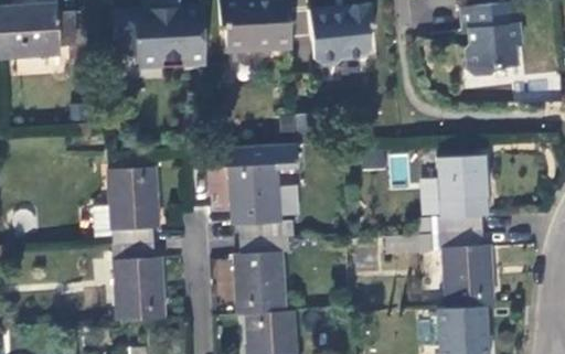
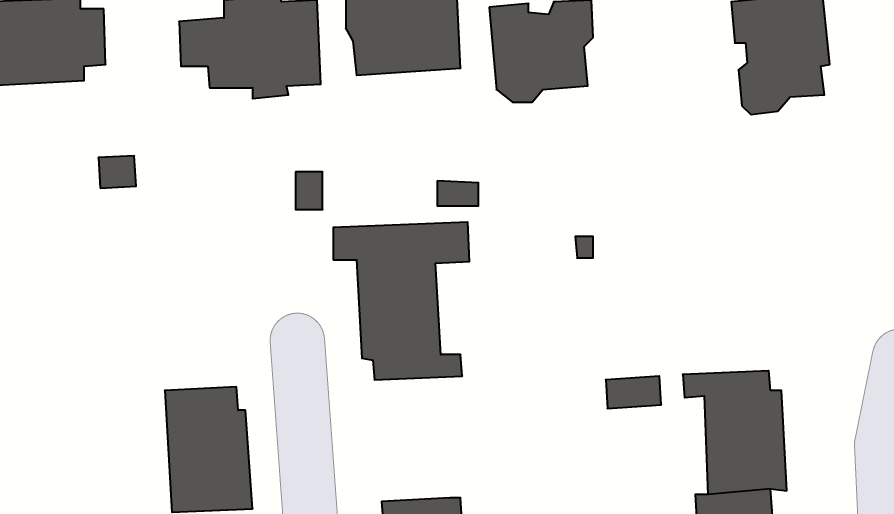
building: [429,155,488,236] -> none
building: [94,158,160,246] -> none
building: [235,236,323,315] -> none

